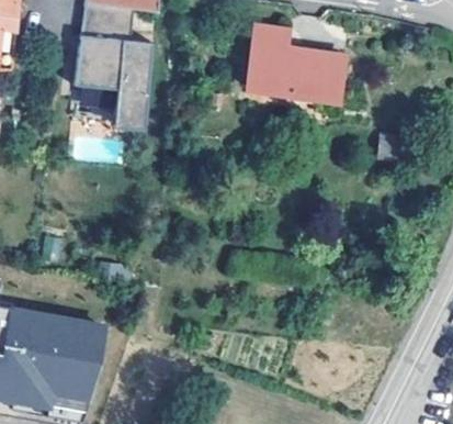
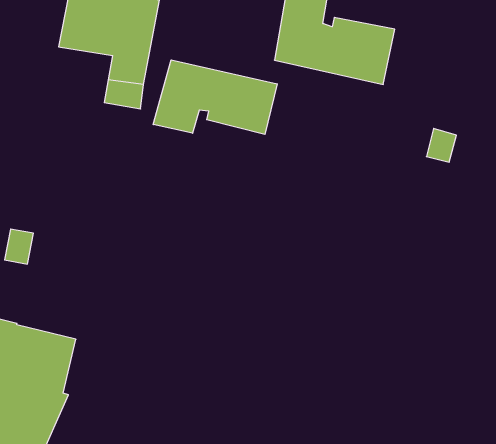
building: none -> [153,60,277,134]

